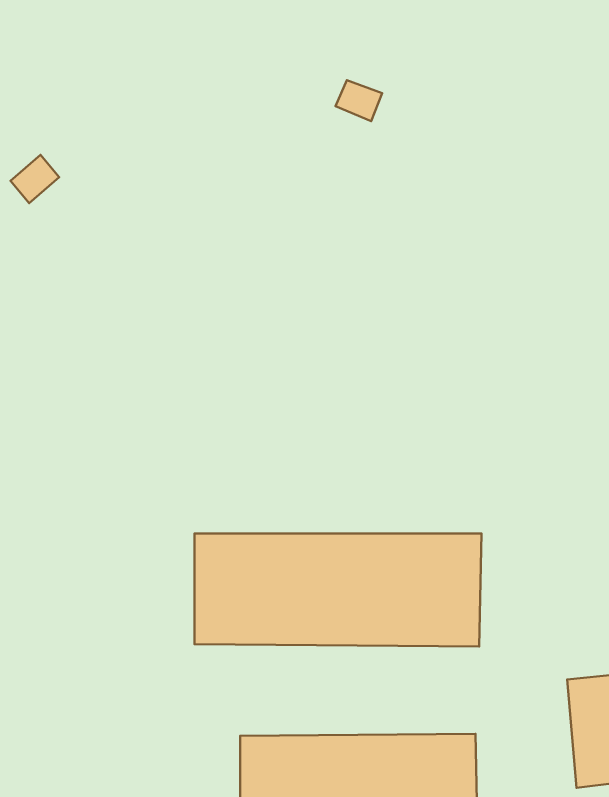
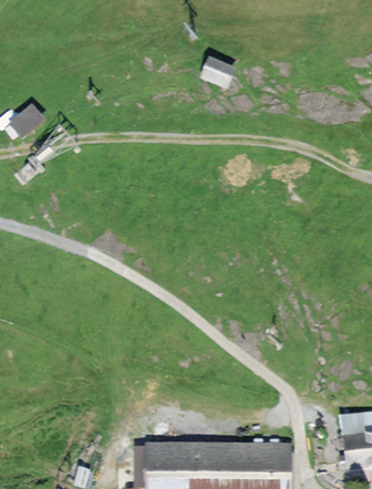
building: [194,534,482,646] -> none

